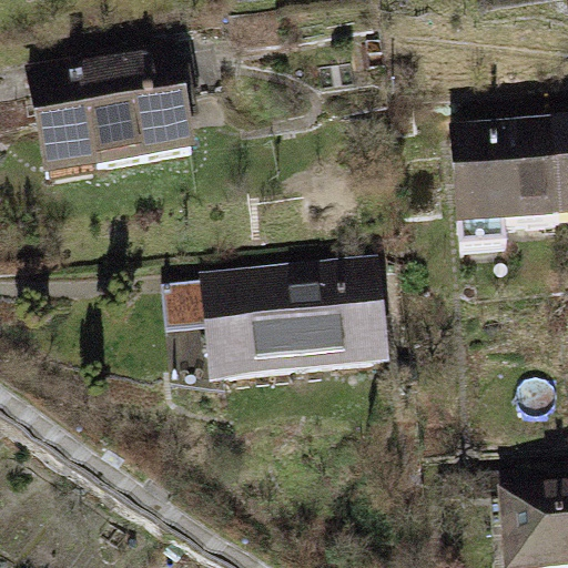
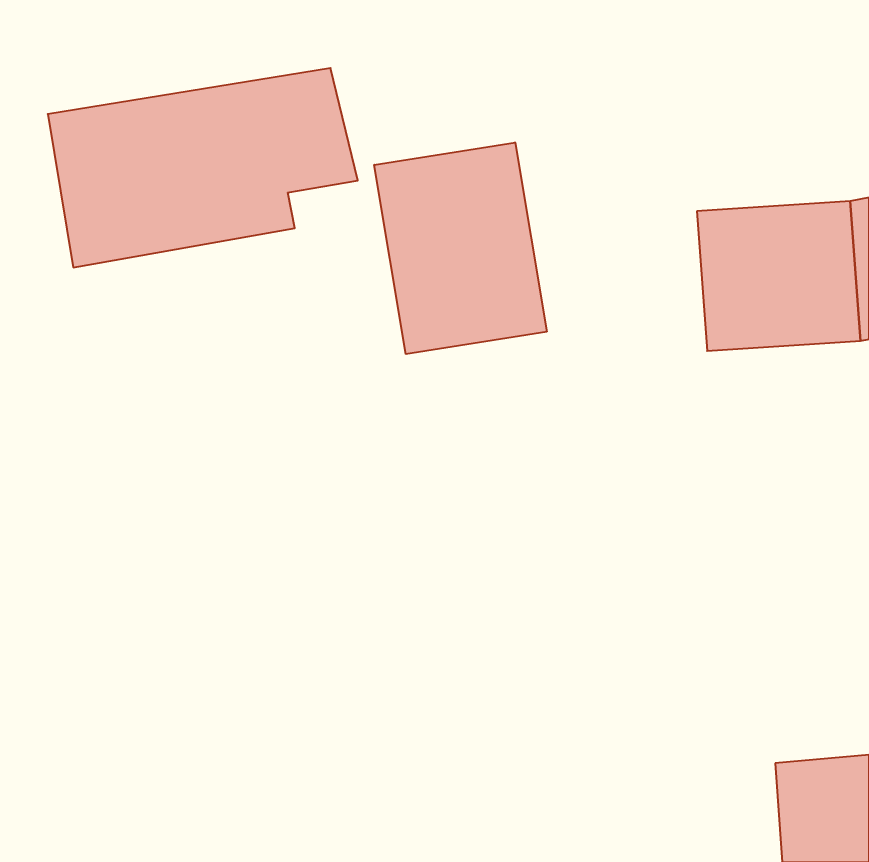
building: none -> [374,142,547,354]
building: [206,266,385,376] -> none

